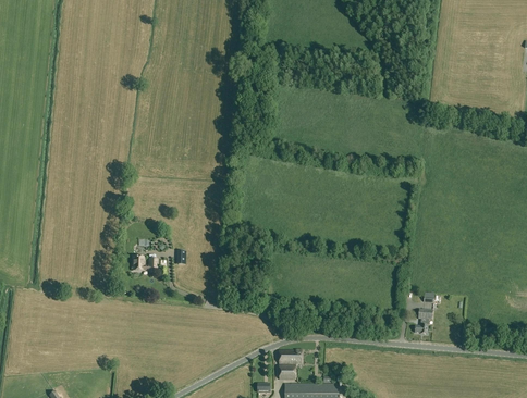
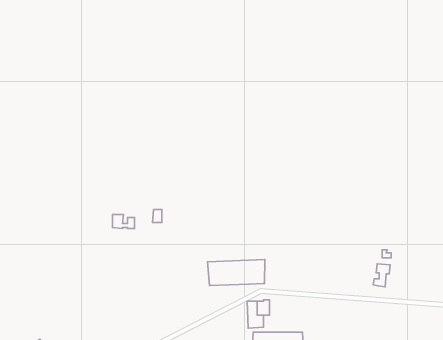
building: none -> [208,260,265,286]

